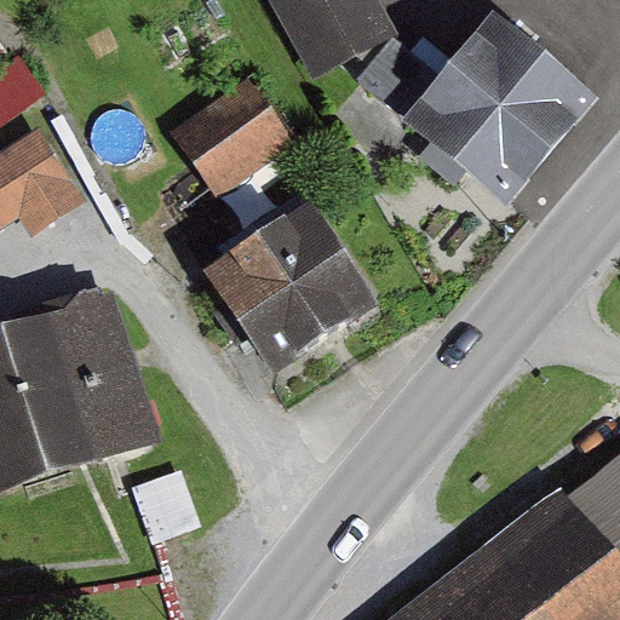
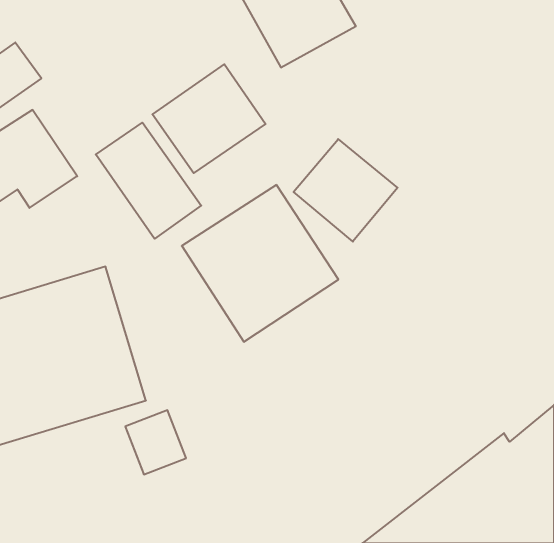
building: [400,16,598,214] -> none
building: none -> [96,123,201,239]
building: none -> [294,139,398,242]

